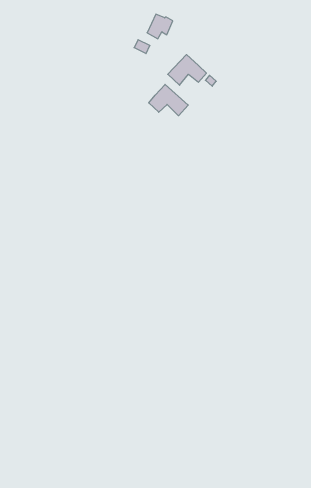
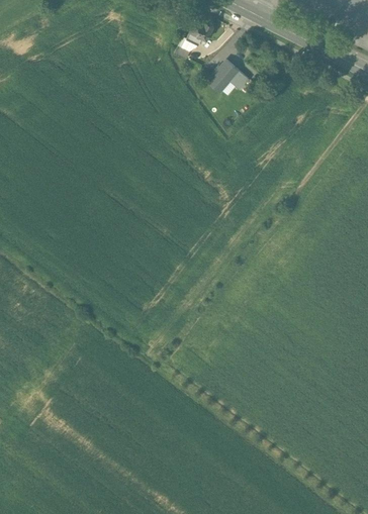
building: [149,84,188,116] -> none

